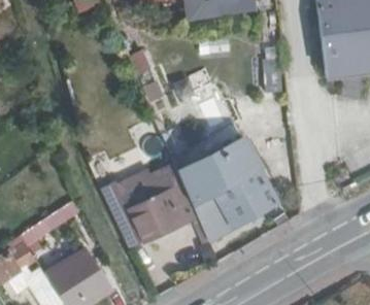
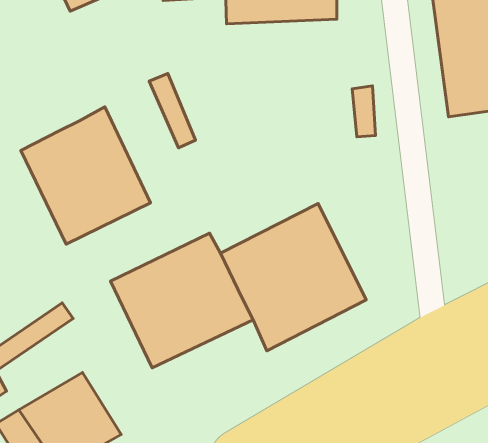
building: none -> [21,107,150,244]

